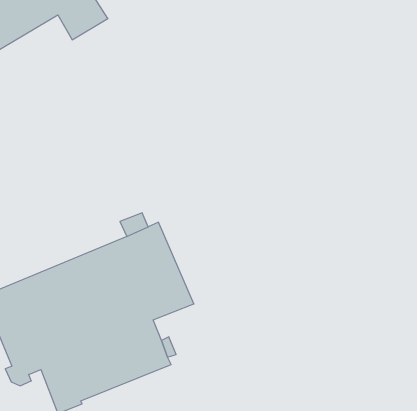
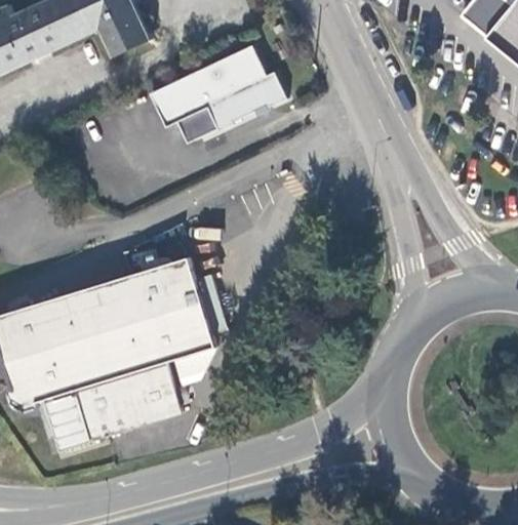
building: none -> [146,45,284,143]

